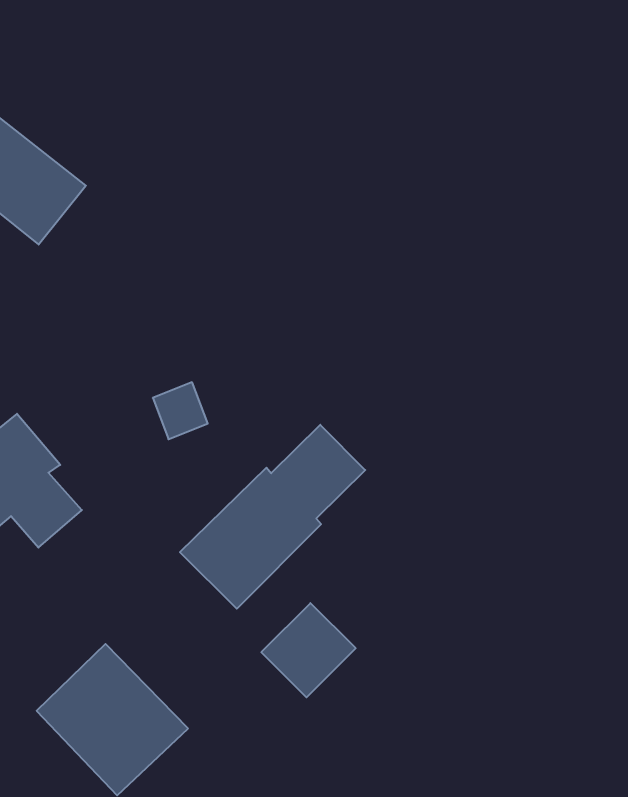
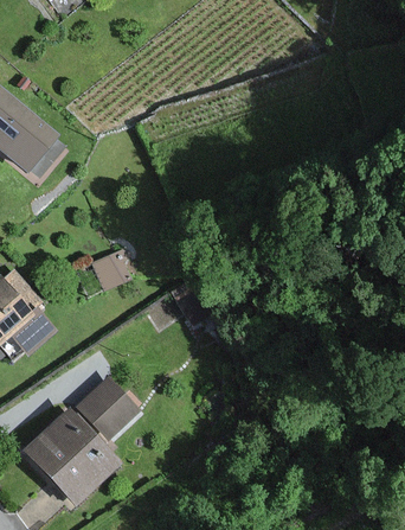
building: [180,425,365,609] -> none
building: [261,603,356,697] -> [81,379,137,436]

